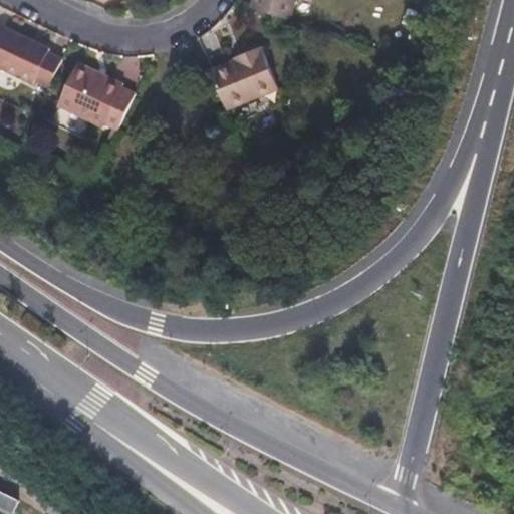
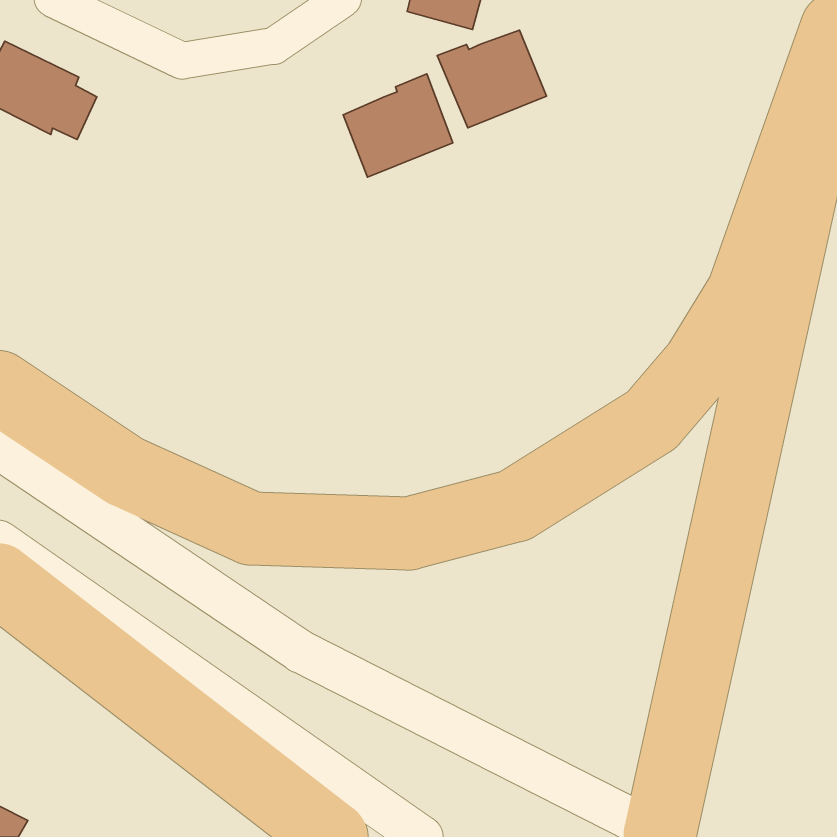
building: none -> [437,30,547,128]
building: [56,64,130,128] -> none

